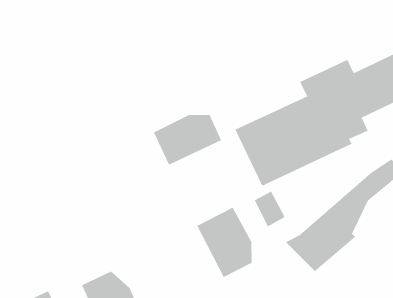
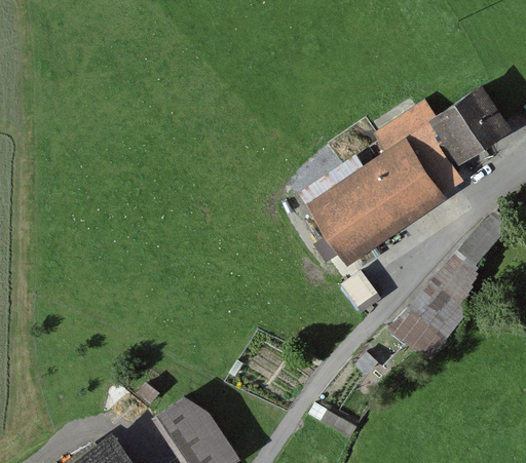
building: [153,114,222,166] -> none
building: [196,207,252,278] -> none

